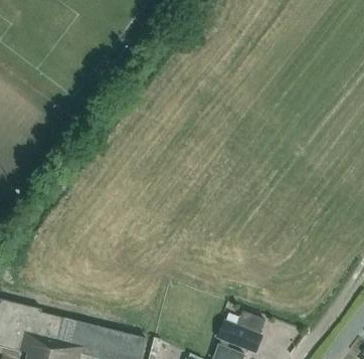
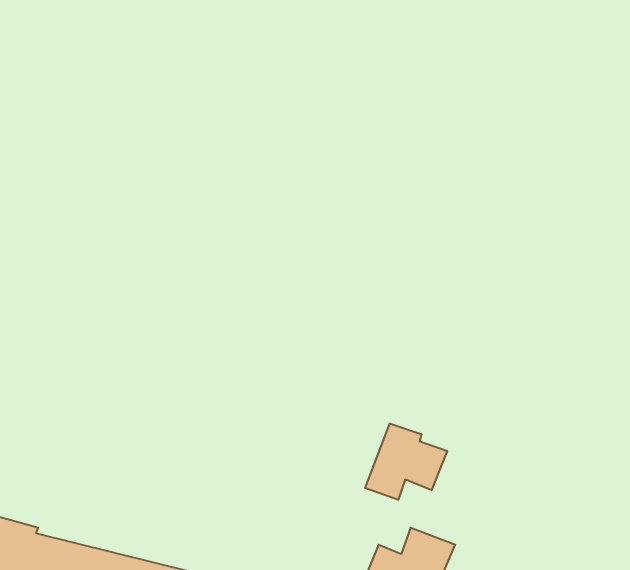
building: none -> [365,423,447,500]

